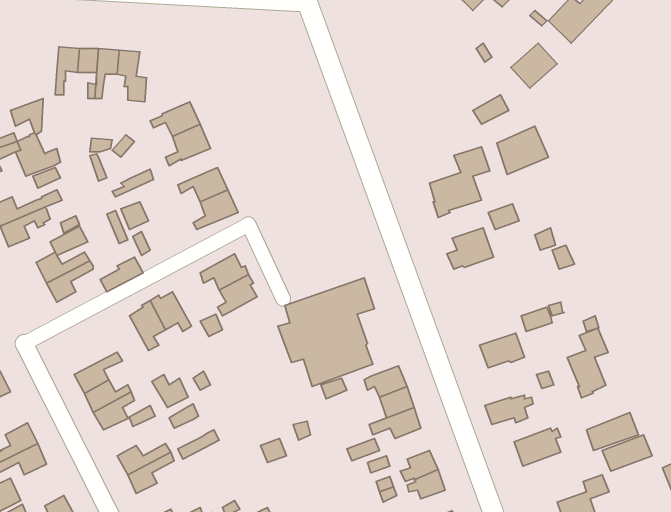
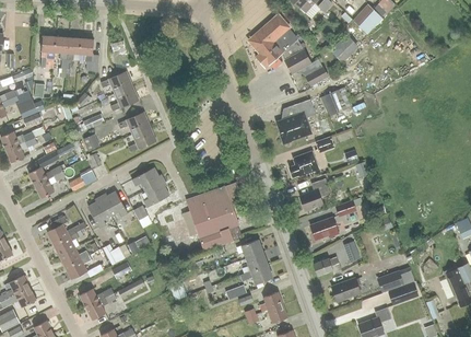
building: none -> [248,14,311,73]
building: none -> [299,178,331,211]
building: [567,328,608,398] -> none
building: none -> [47,216,86,244]

